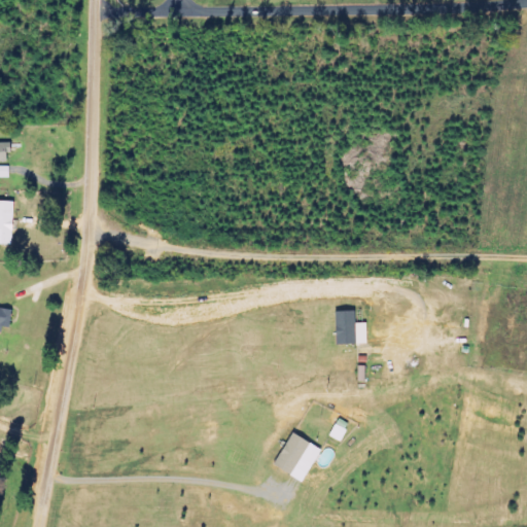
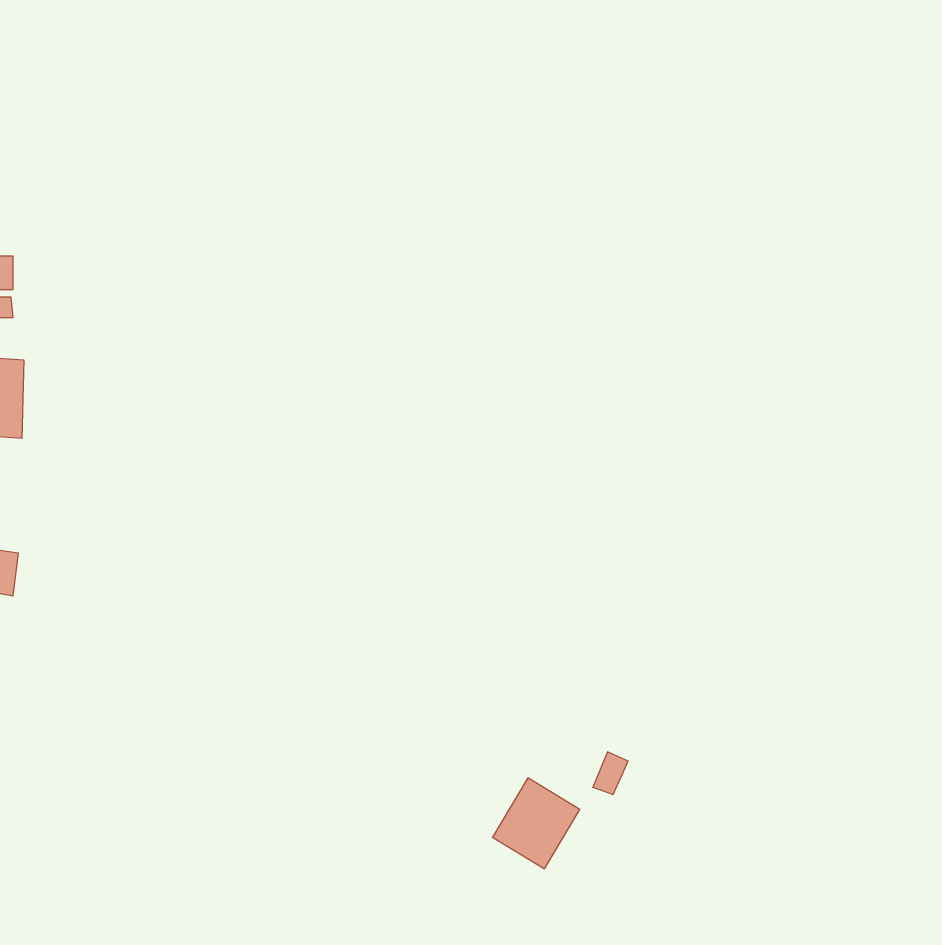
building: [332,310,366,344] -> none

